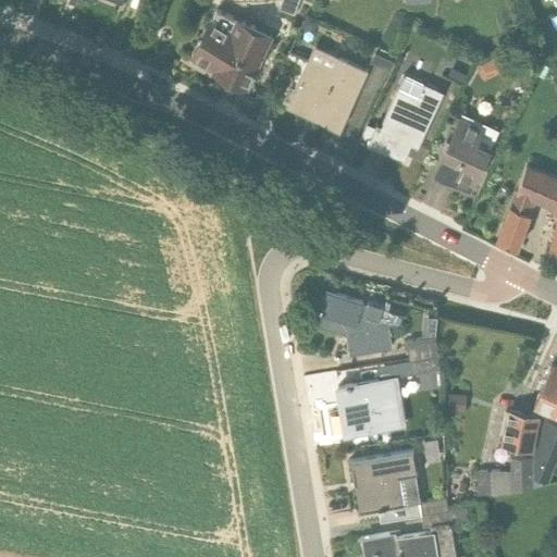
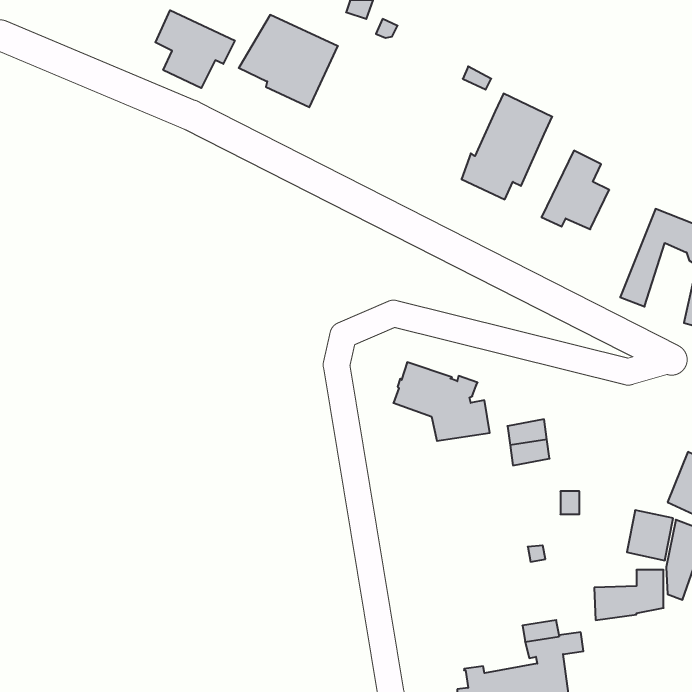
building: none -> [155,10,235,88]
building: [288,60,368,131] -> none
building: [338,380,403,434] -> none
building: [349,451,416,513] -> none

